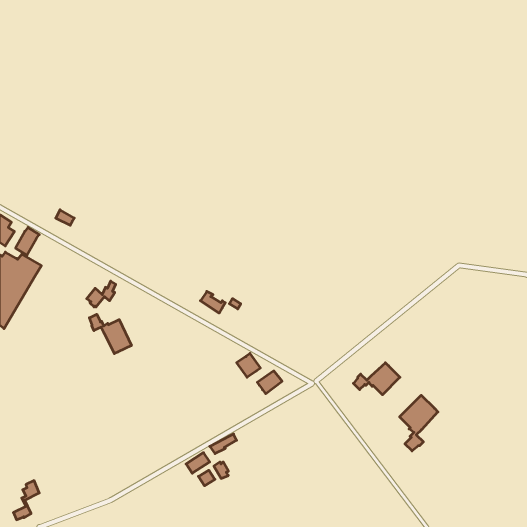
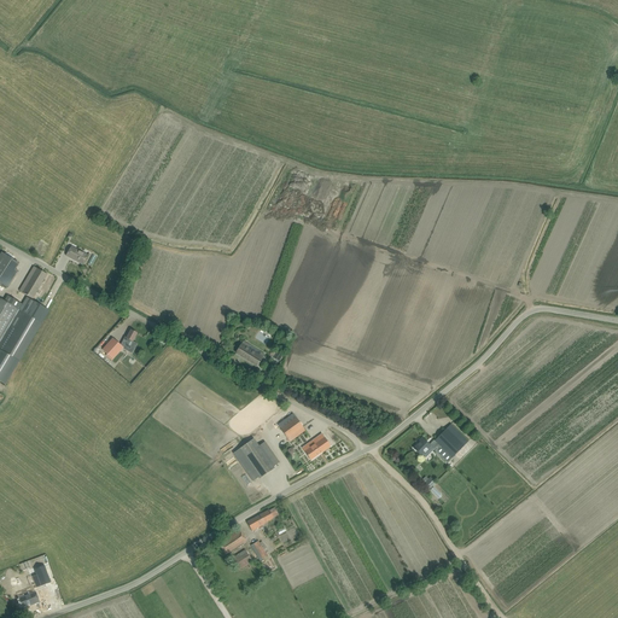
building: [89,314,131,354] -> none
building: none -> [232,437,279,480]
building: [400,395,438,451] -> none

